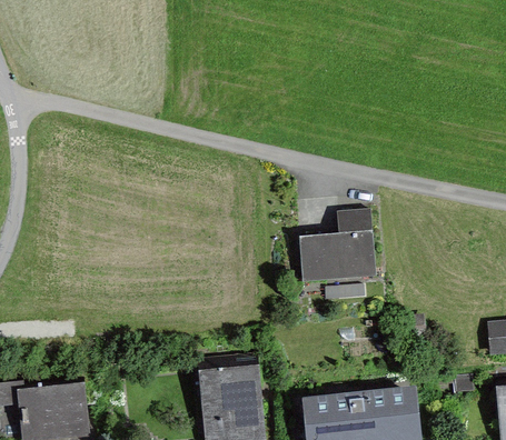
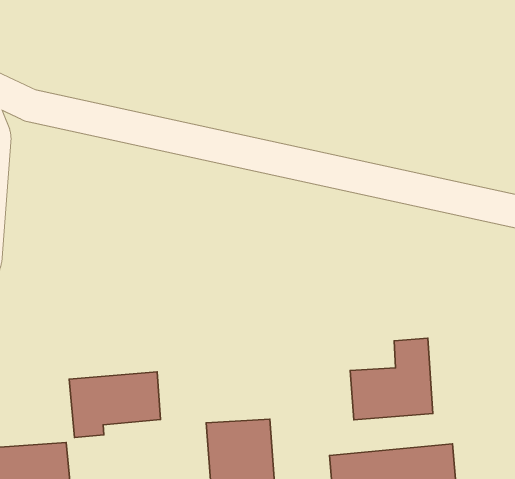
building: [301,210,373,280] -> [350,338,433,420]
building: none -> [69,372,161,438]

